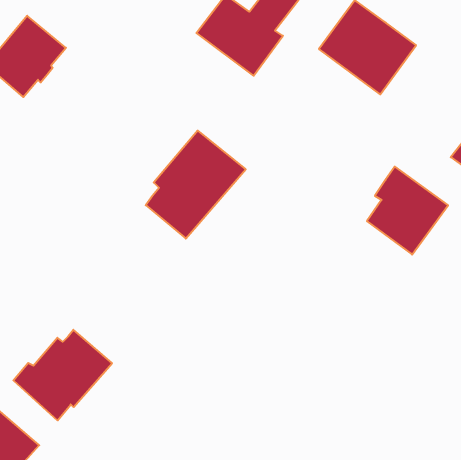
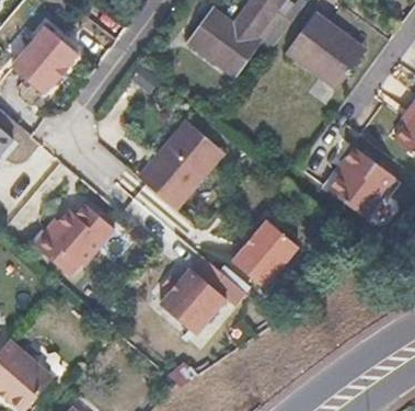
building: none -> [231,219,297,287]
building: none -> [159,269,226,335]
building: [13,330,112,420] -> [37,206,118,281]

